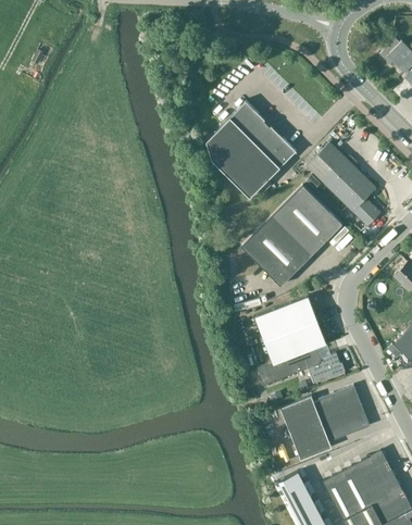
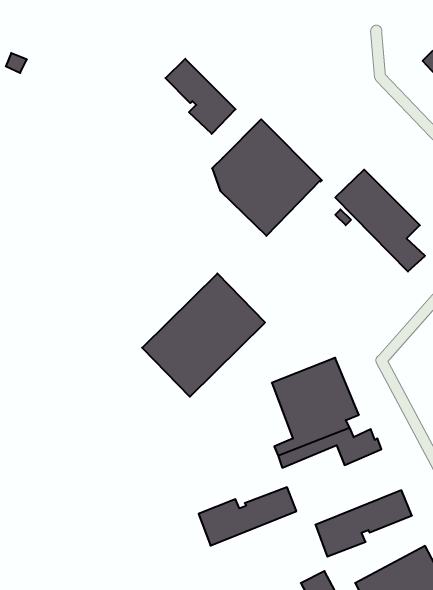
building: none -> [165,59,236,134]
building: [241,185,342,286] -> [142,273,265,397]
building: [280,386,361,434] -> [199,487,296,546]

